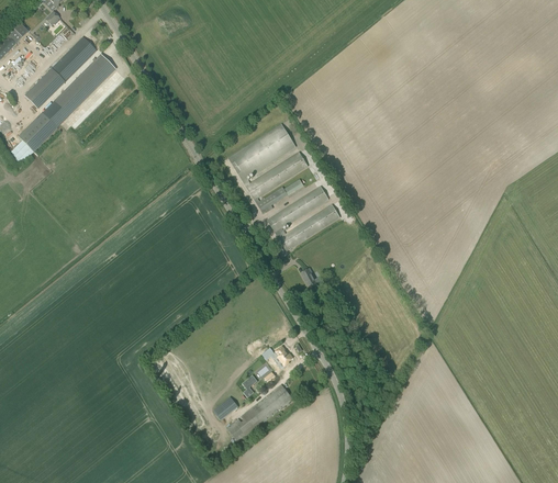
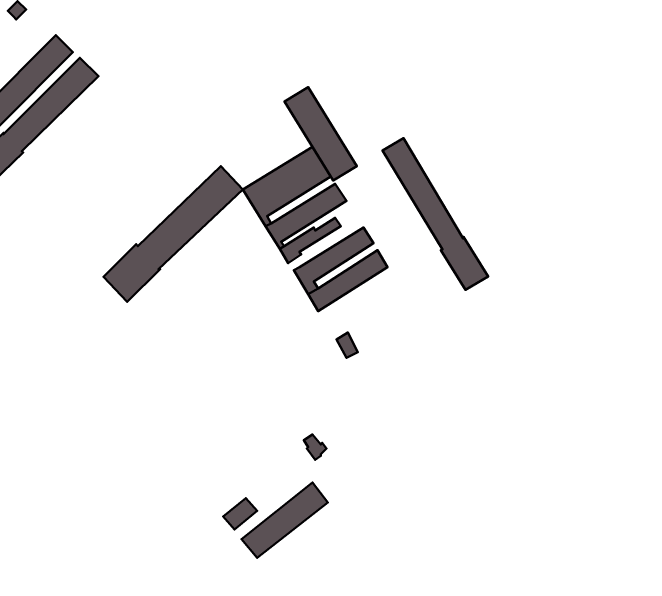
building: none -> [285,87,357,181]
building: none -> [382,138,488,290]
building: none -> [103,166,243,302]

